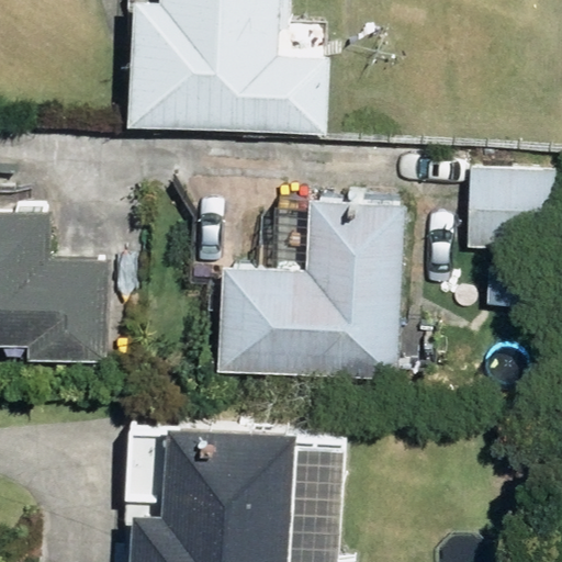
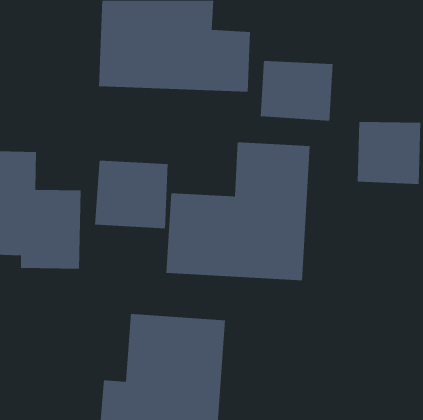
building: none -> [260,60,333,121]
building: none -> [94,160,168,229]

